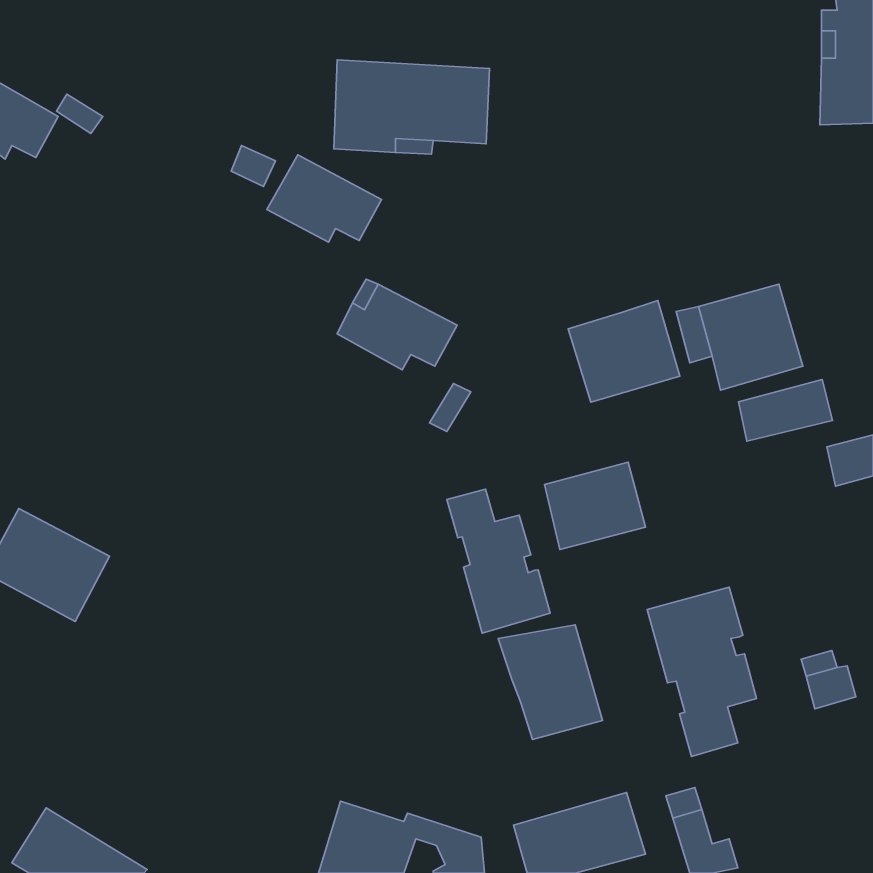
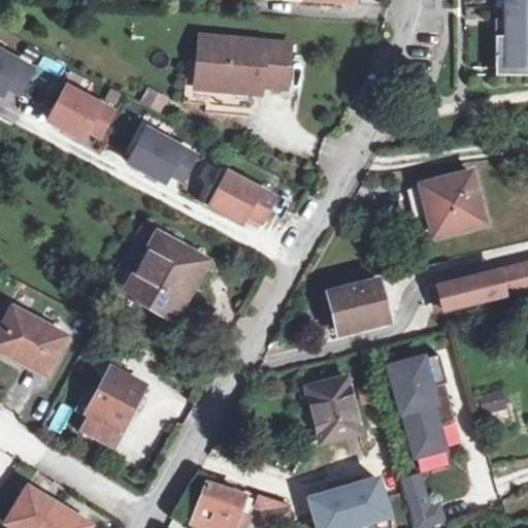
building: none -> [50,87,116,138]
building: [267,155,382,242] -> [129,129,198,182]
building: [568,301,680,402] -> none
building: [738,380,832,441] -> [437,271,494,308]
building: none -> [121,229,209,321]
building: [447,489,550,633] -> none
building: none -> [78,368,144,447]

